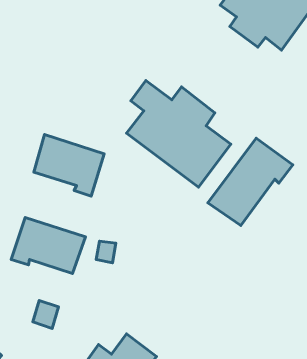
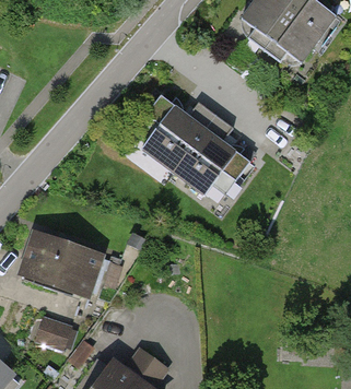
building: [34,135,104,196] -> none
building: [208,138,293,225] -> none

